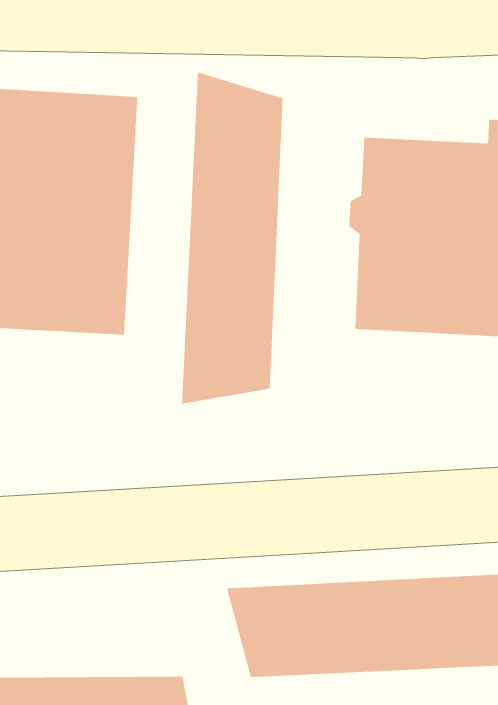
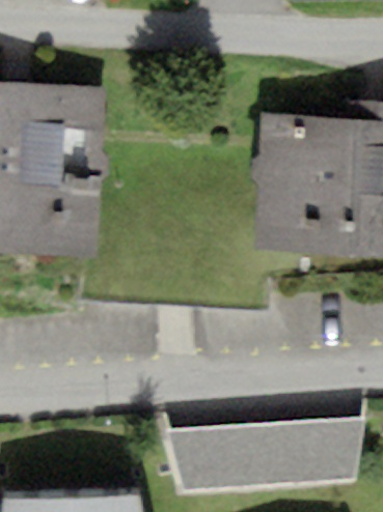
building: [182,71,283,404] -> none

